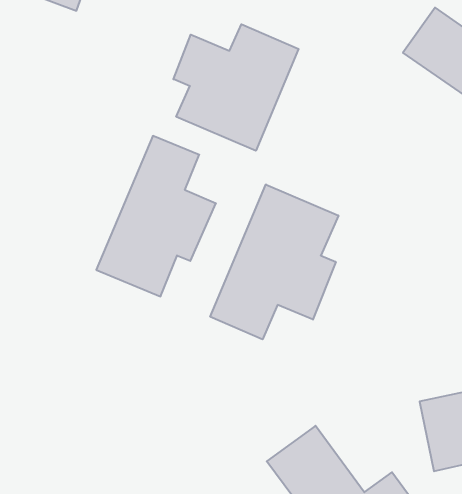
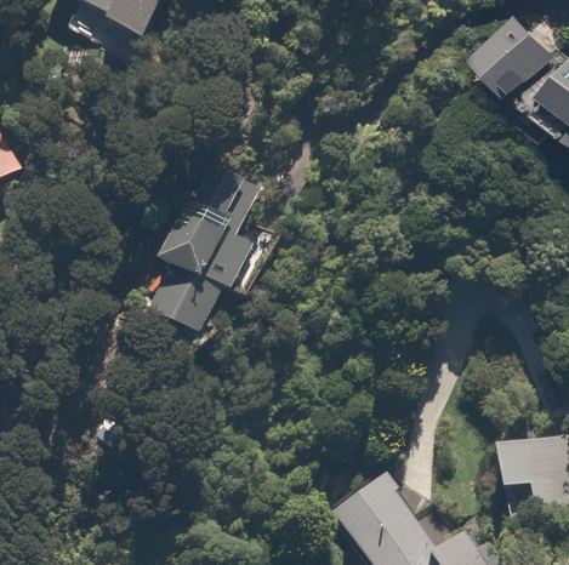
building: [173,24,299,151] -> none
building: [210,184,338,339] -> none

